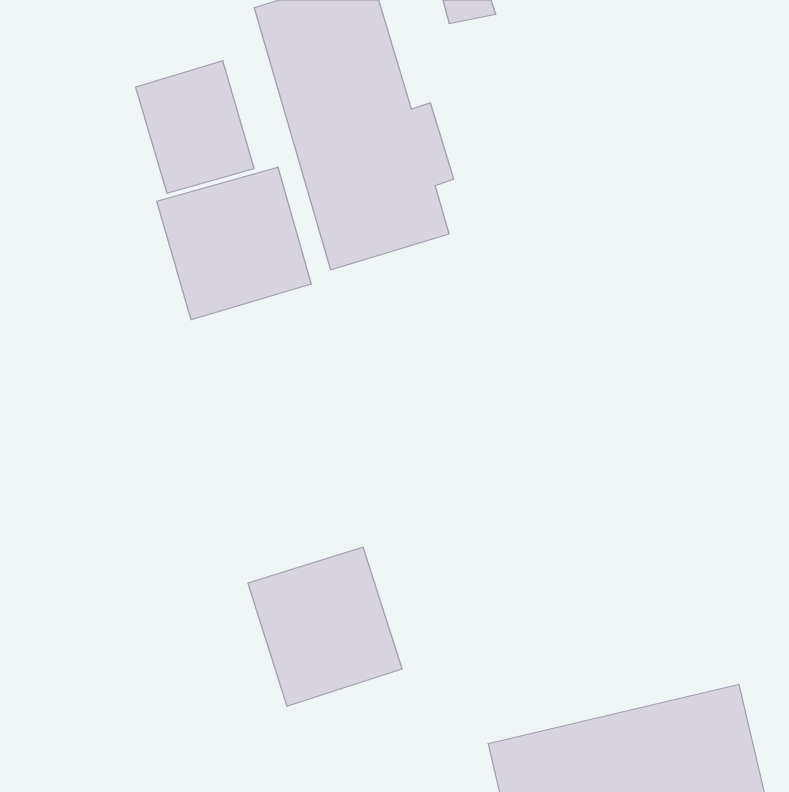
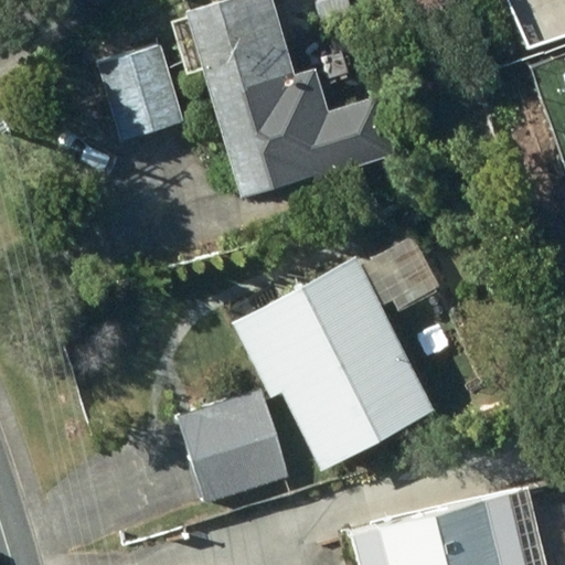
building: [157,167,311,320] -> none
building: none -> [231,257,431,466]

